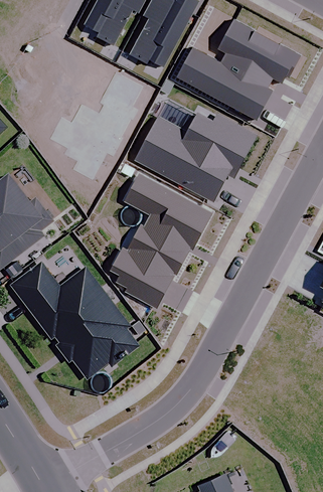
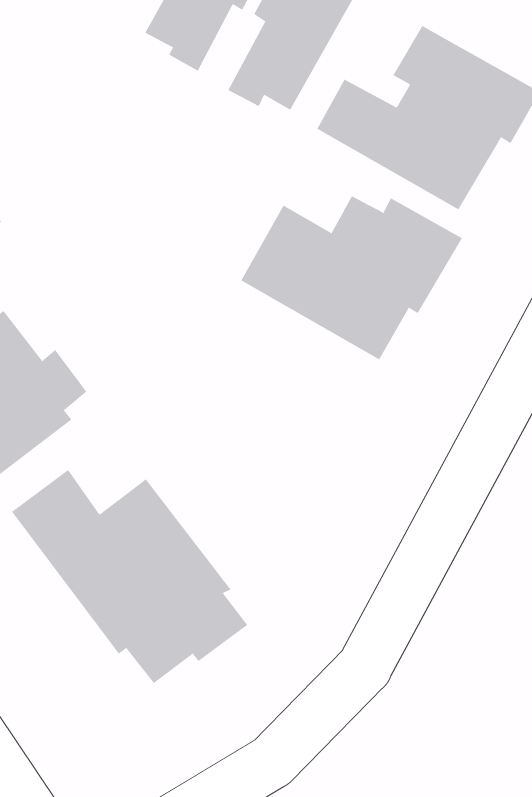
building: [110,173,211,307] -> none

